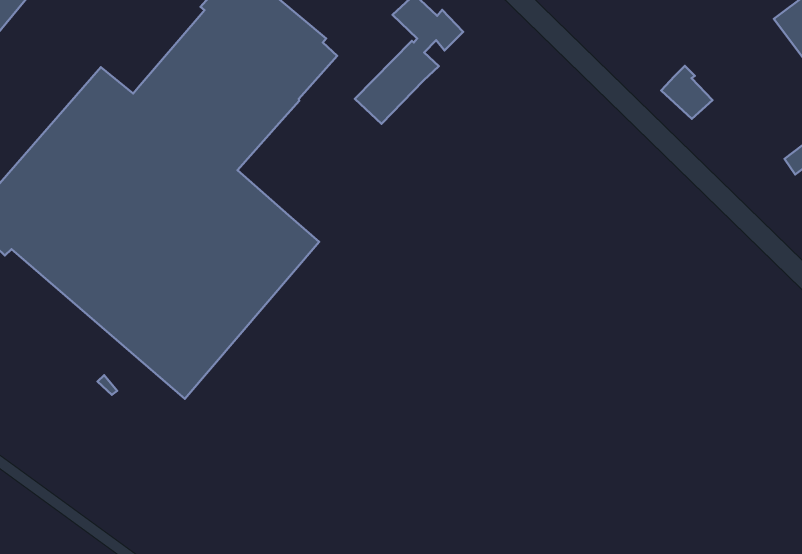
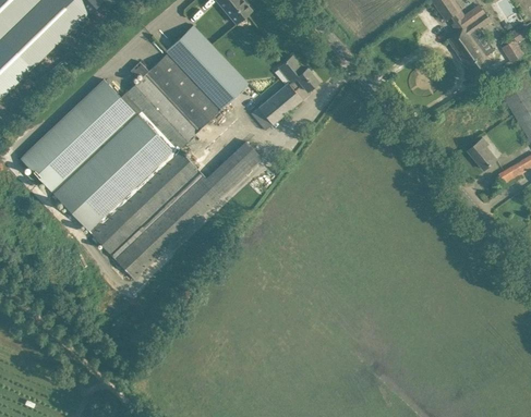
building: [661,66,712,119] -> [468,137,497,169]
building: none -> [205,139,263,195]

